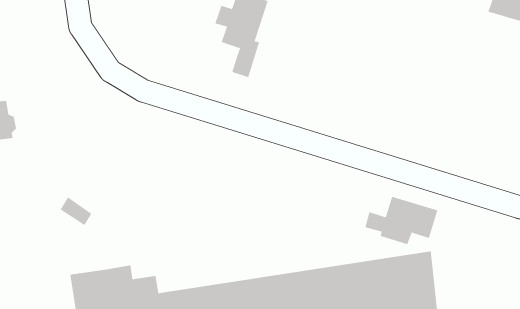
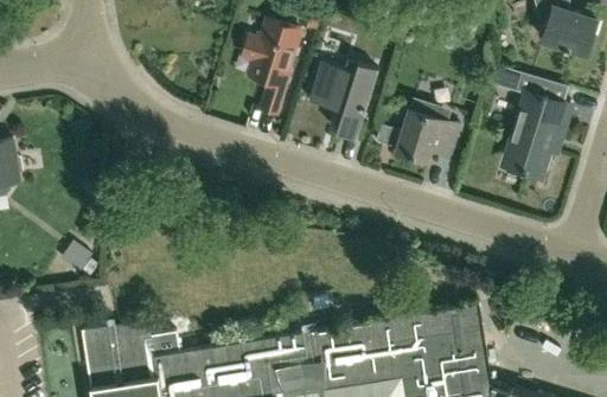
building: none -> [309,62,375,139]
building: none -> [505,72,569,179]
building: [365,196,438,245] -> [379,108,460,161]

